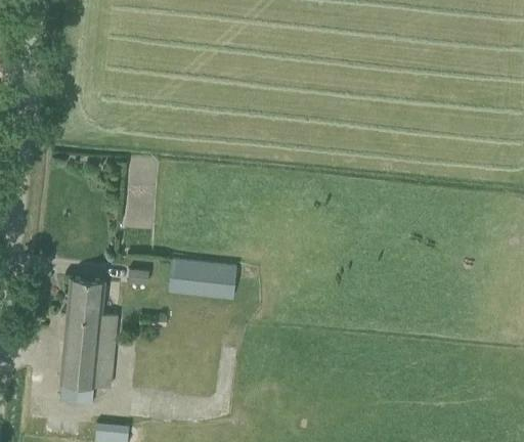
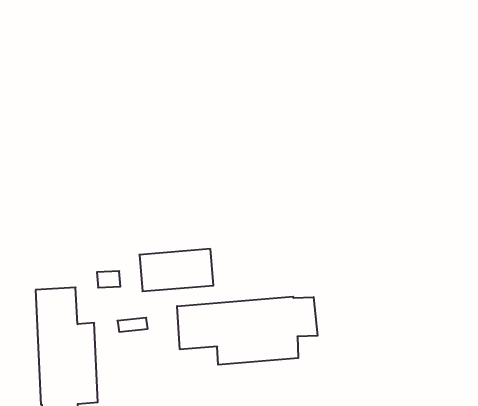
building: none -> [177,297,318,365]

